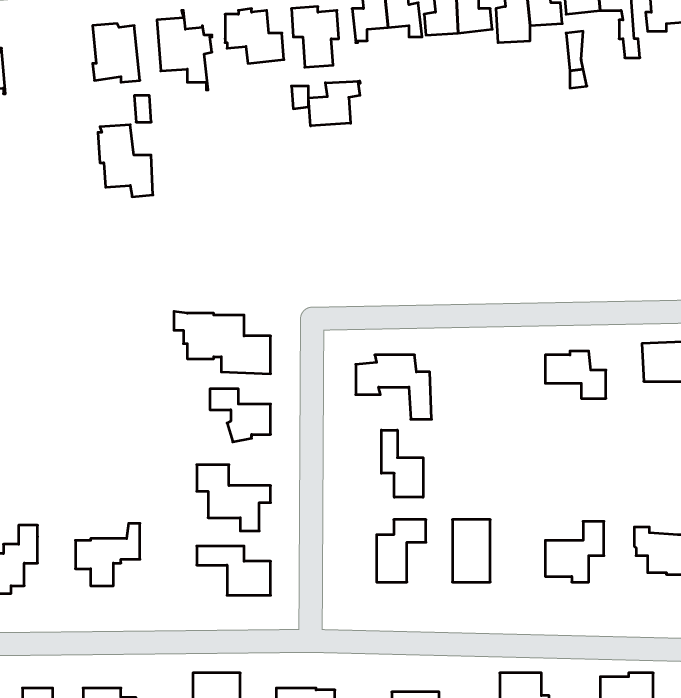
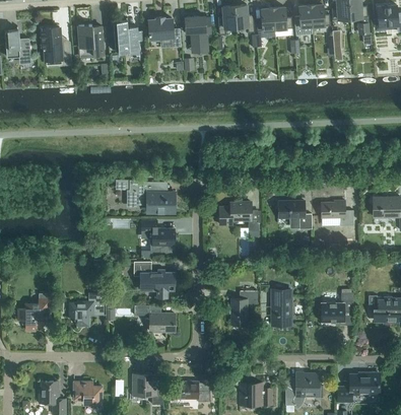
building: [308,81,360,126] -> none
building: [98,125,153,197] -> [42,27,71,66]
building: none -> [278,202,312,229]
building: [381,430,423,497] -> none

